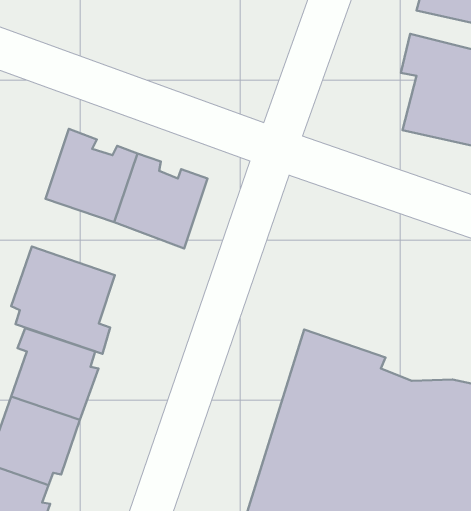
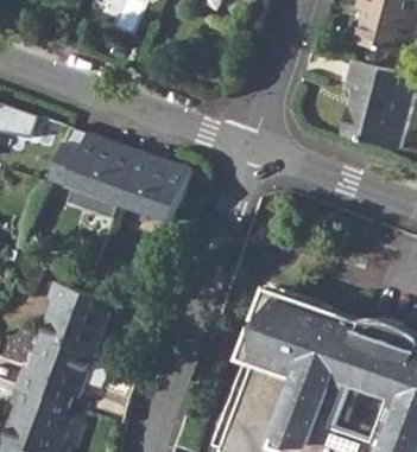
building: [11,247,115,354] -> none

